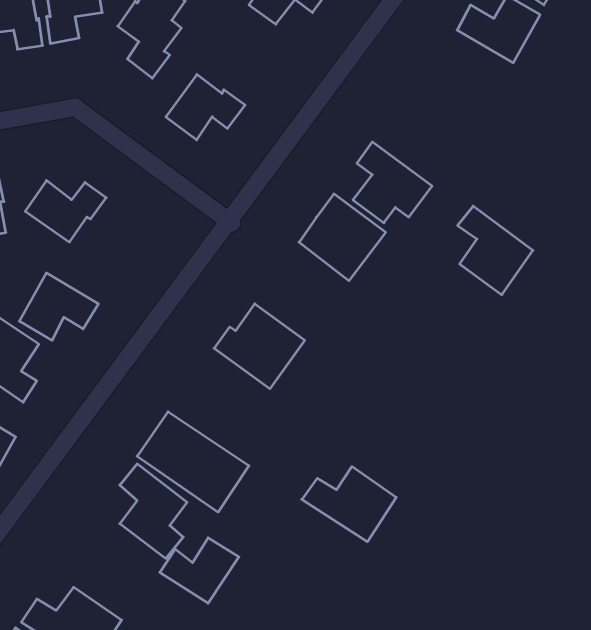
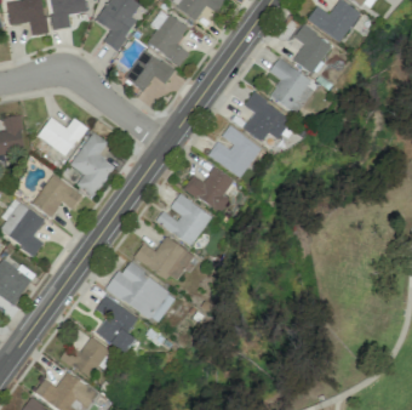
building: none -> [148,8,188,64]
building: none -> [293,25,332,74]
building: none -> [68,129,114,195]
building: [458,206,533,295] -> [269,59,316,115]
building: none -> [184,167,234,213]
building: [302,467,396,542] -> [135,237,194,284]
building: [160,538,239,603] -> [59,337,109,378]

